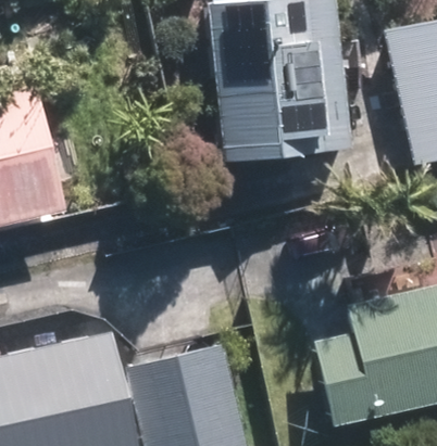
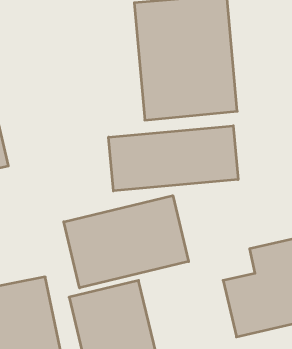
building: none -> [109,126,238,191]
building: none -> [64,196,189,288]

